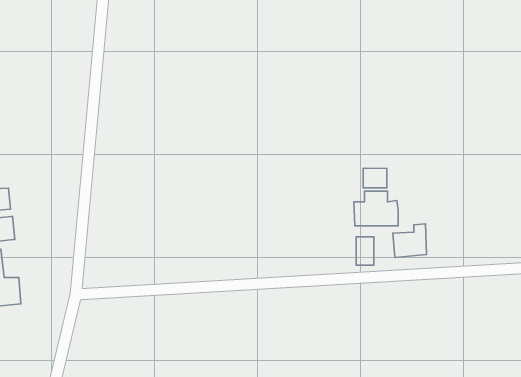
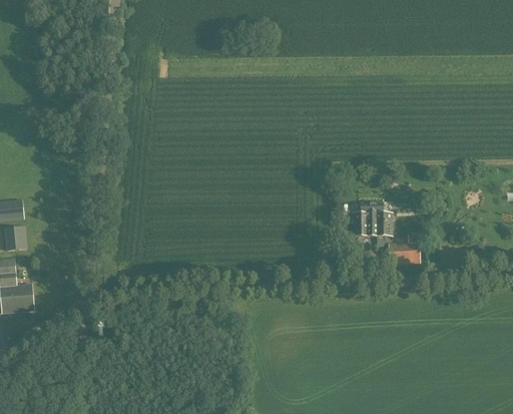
building: [363,168,387,188] -> none
building: [356,237,374,265] -> none

